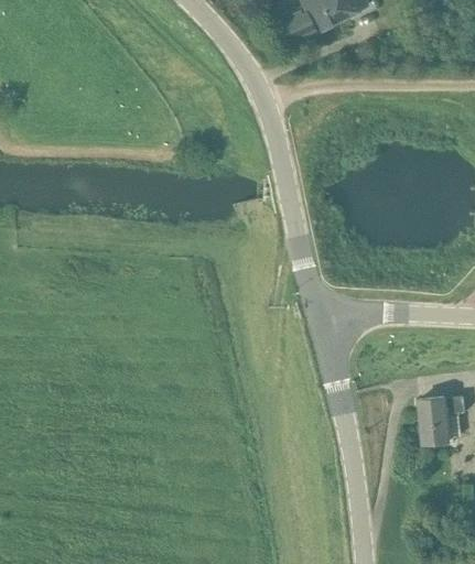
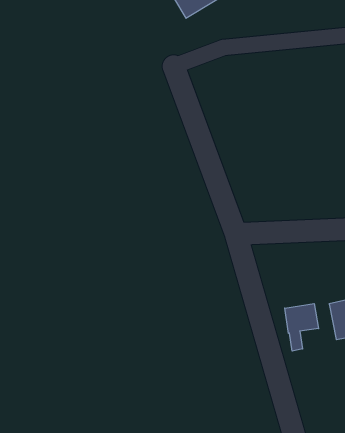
building: none -> [285,304,319,351]

